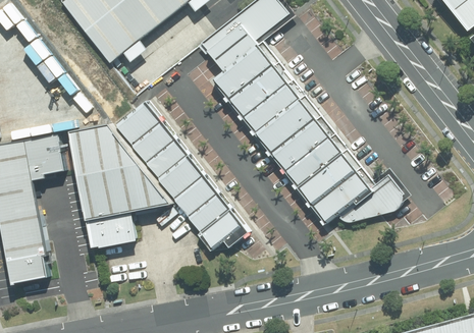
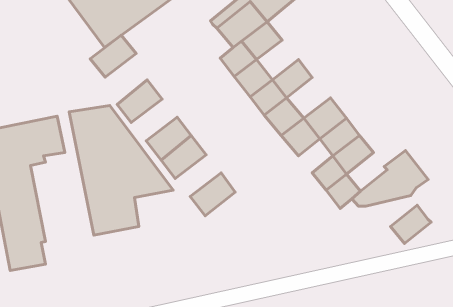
building: [248,63,287,101] -> none
building: [276,98,318,137] -> none
building: [128,119,172,159] -> [90,35,136,77]
building: [287,157,320,189] -> none
building: [333,170,372,207] -> [390,205,431,244]
building: [170,172,214,212] -> none
building: [199,208,242,247] -> none

